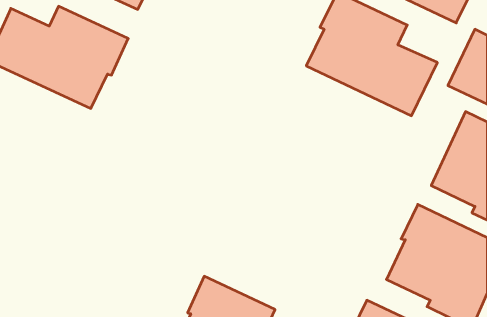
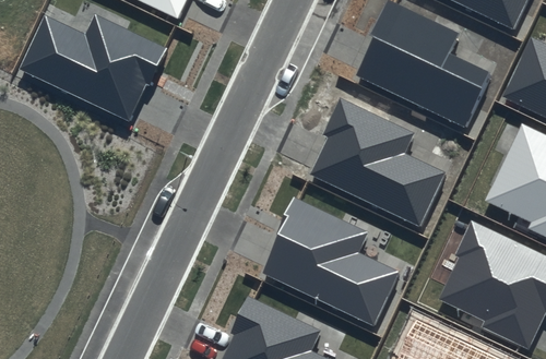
building: none -> [309,97,446,227]
building: none -> [262,196,400,326]

